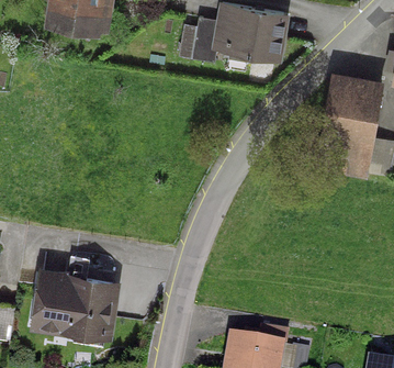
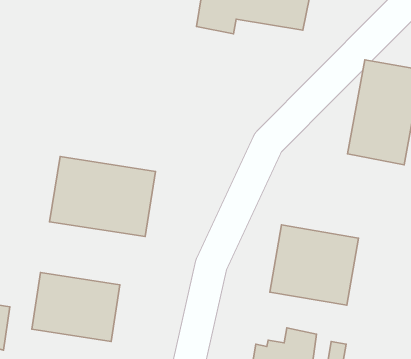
building: none -> [50,157,155,237]
building: none -> [270,225,359,305]

